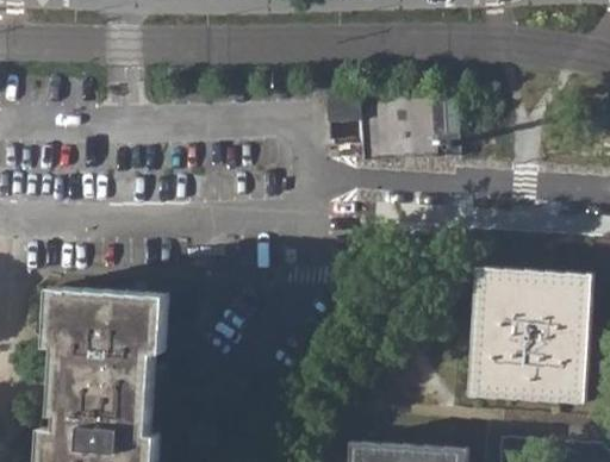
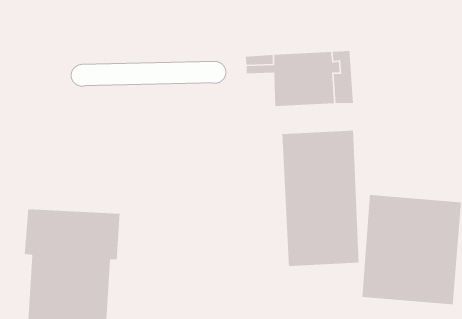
building: none -> [281,130,360,267]

